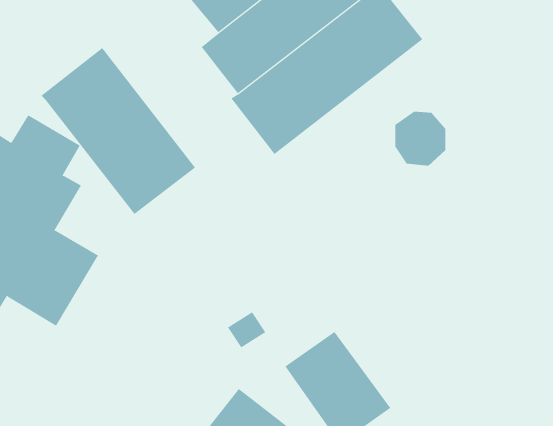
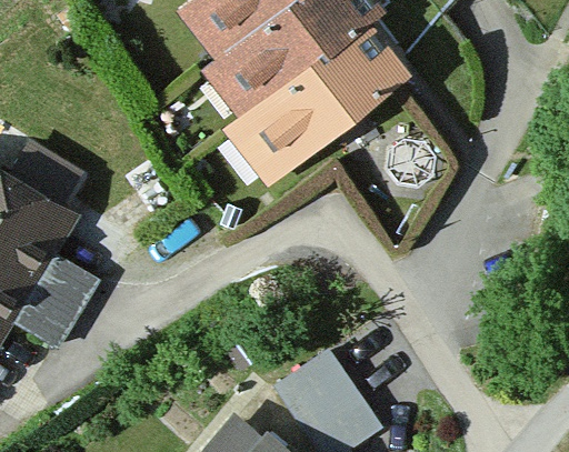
building: [40,47,196,215] -> none

